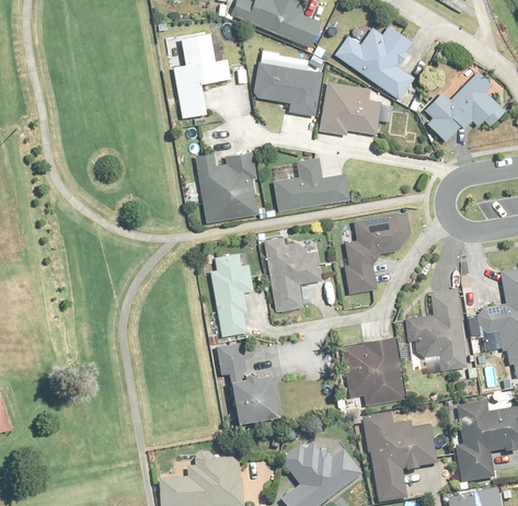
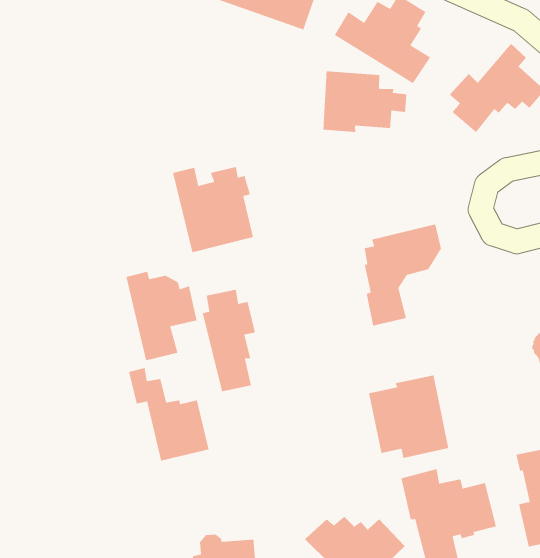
building: [173,34,231,116] -> none
building: [252,62,322,116] -> none
building: [273,158,349,210] -> none
building: [264,238,320,311] -> [125,271,198,361]
building: [404,290,465,370] -> none
building: [218,344,279,422] -> [128,367,210,462]

